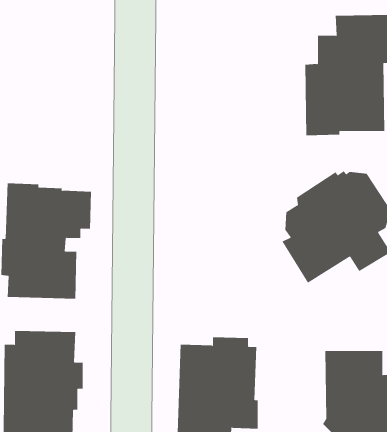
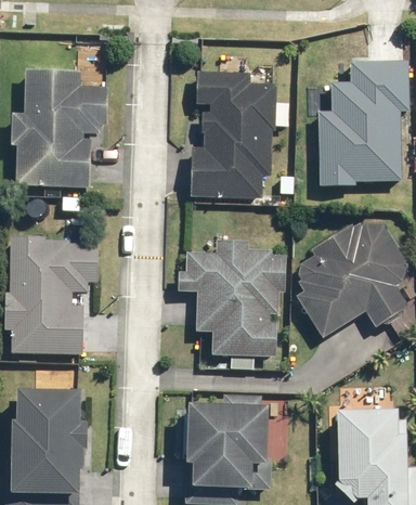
building: none -> [12,68,108,187]
building: none -> [191,72,288,197]
building: none -> [178,241,286,357]

